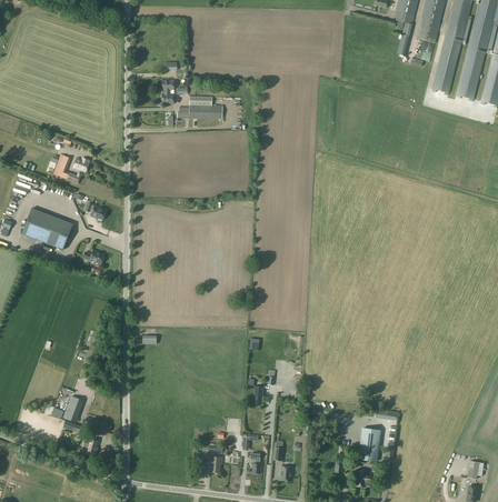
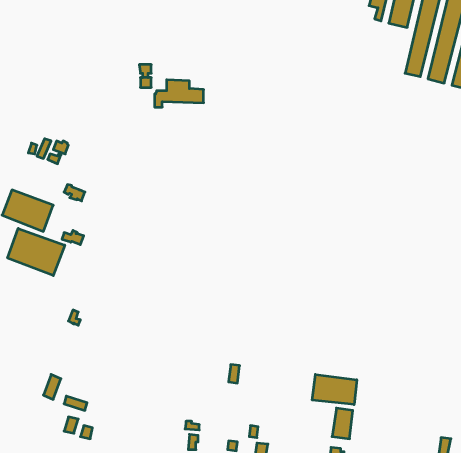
building: none -> [8,228,65,276]
building: none -> [312,374,357,405]

